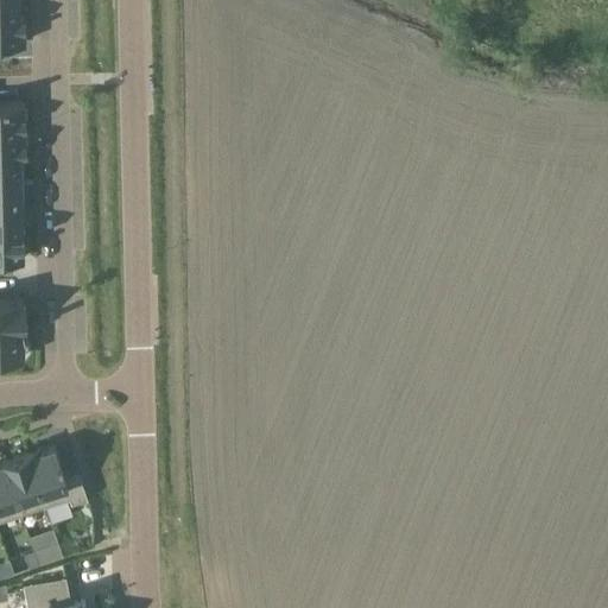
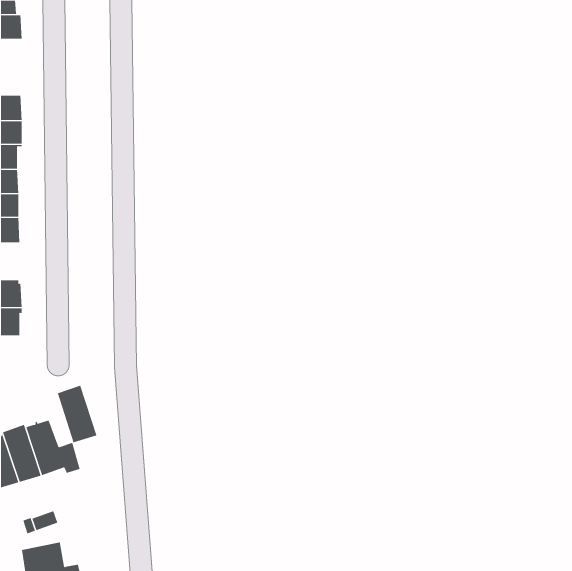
building: none -> [57,385,97,443]

